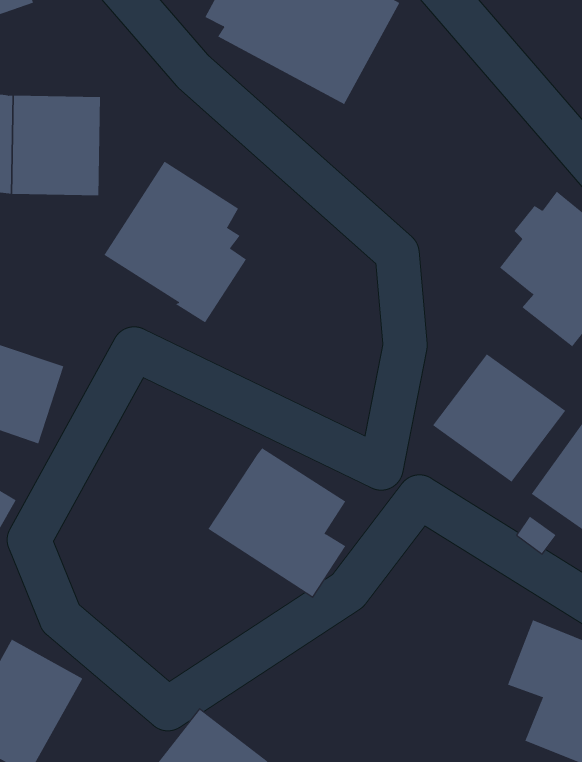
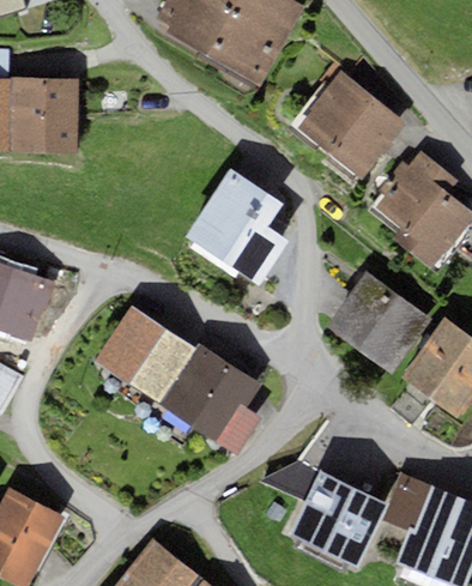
building: none -> [295,73,405,180]
building: [103,161,247,323] -> [182,167,290,289]
building: none -> [93,306,194,404]
building: none -> [259,461,386,568]

